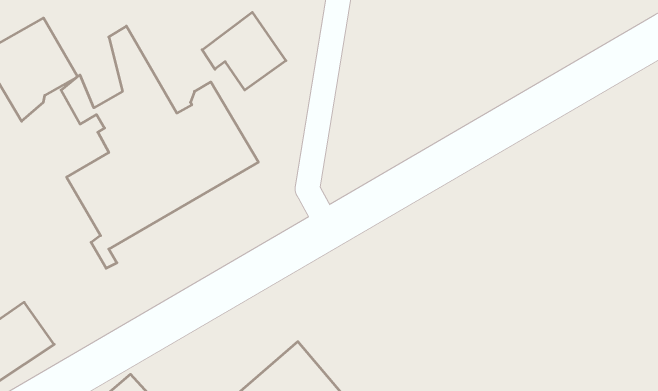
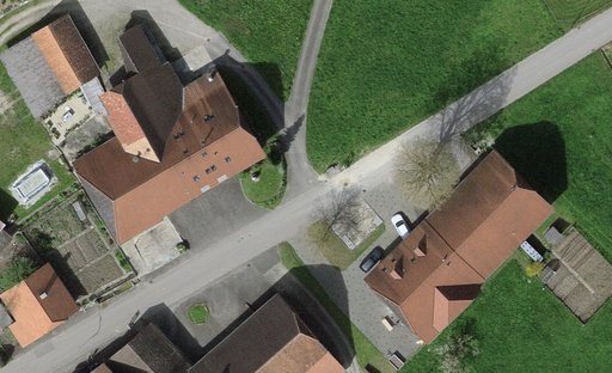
building: [202,12,286,90] -> none
building: none -> [372,165,536,335]

